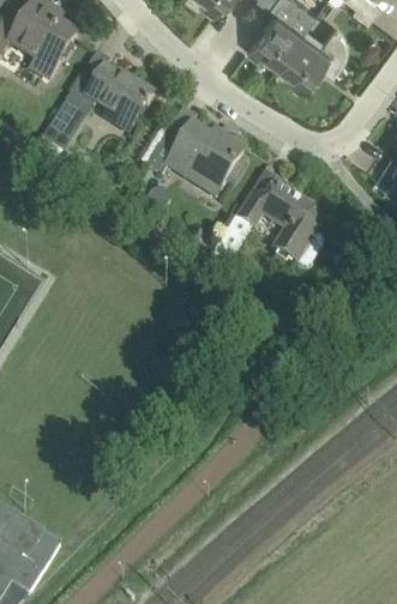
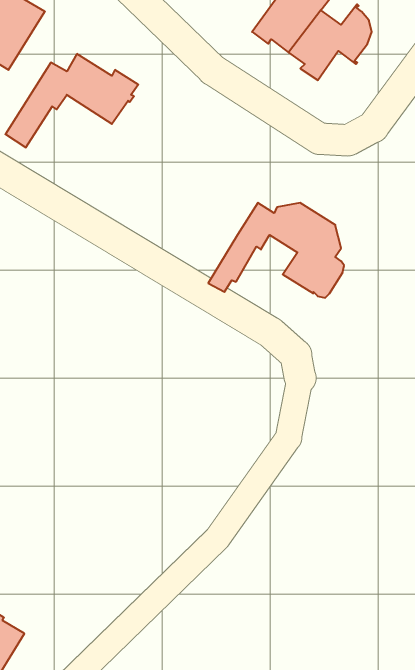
building: [146,123,243,186] -> none

